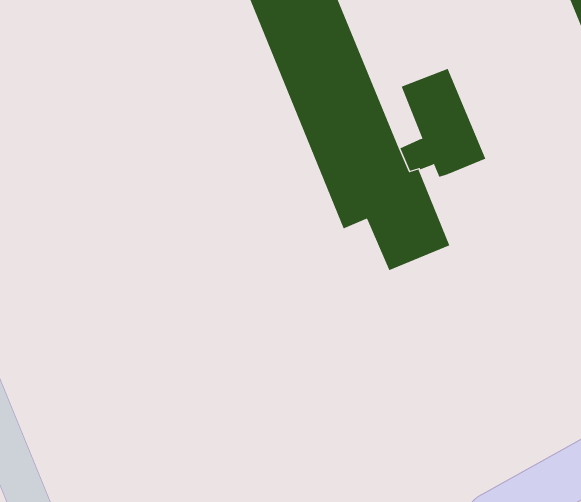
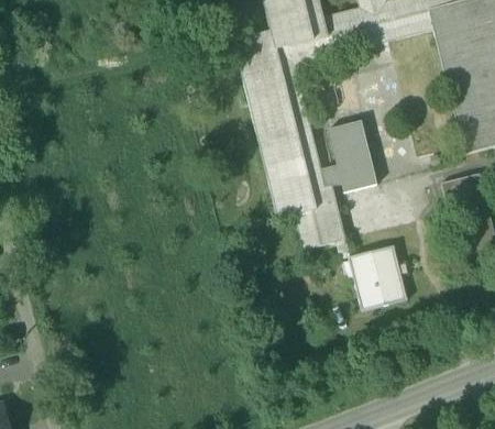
building: none -> [350,244,405,307]

